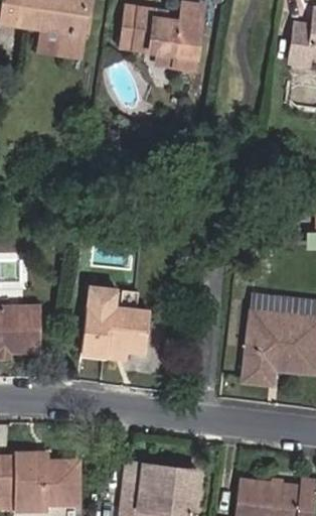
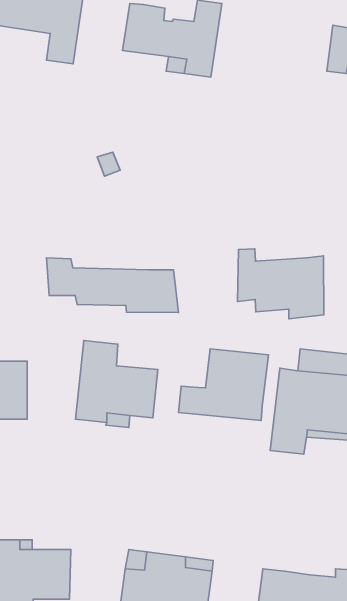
building: none -> [238,249,324,319]
building: none -> [47,258,178,312]
building: none -> [178,349,268,420]

